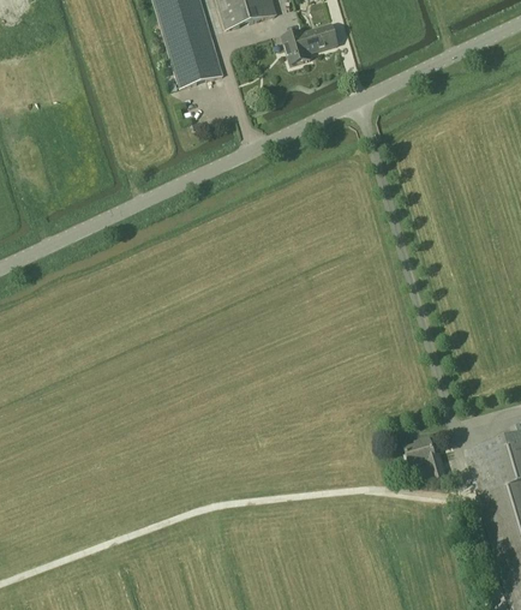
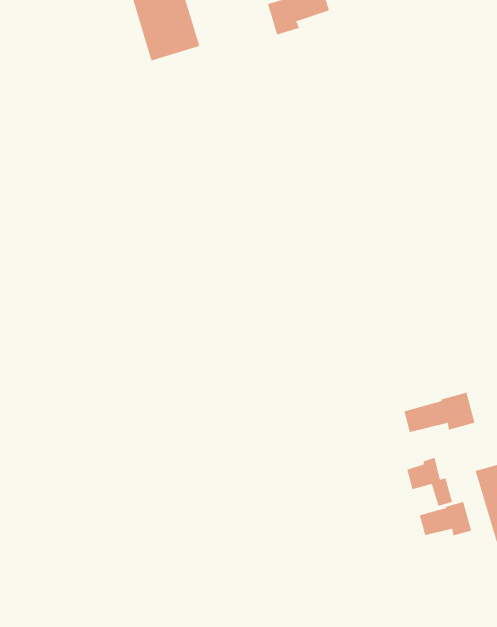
building: none -> [404,392,475,433]
building: none -> [419,501,472,536]

